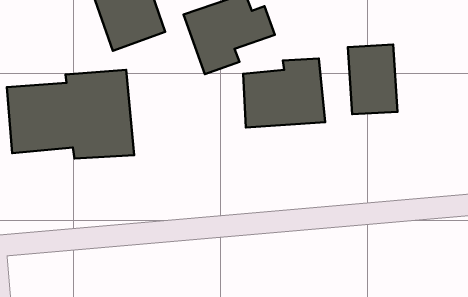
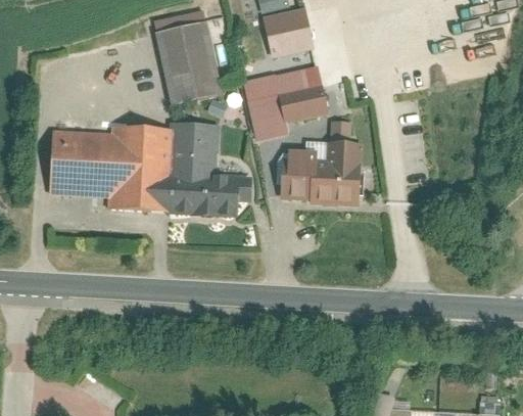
building: [348,45,398,114] -> none
building: none -> [171,120,253,217]

